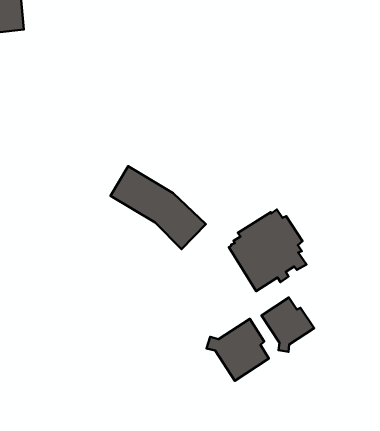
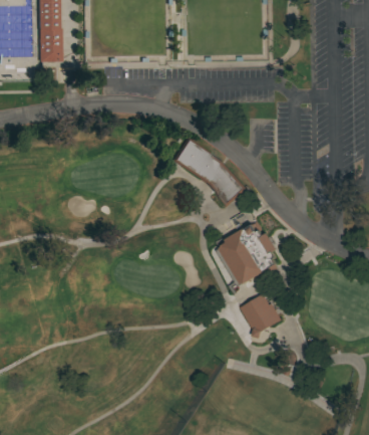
building: [110,166,206,249] -> [172,137,249,207]
building: [207,319,269,381] -> none

